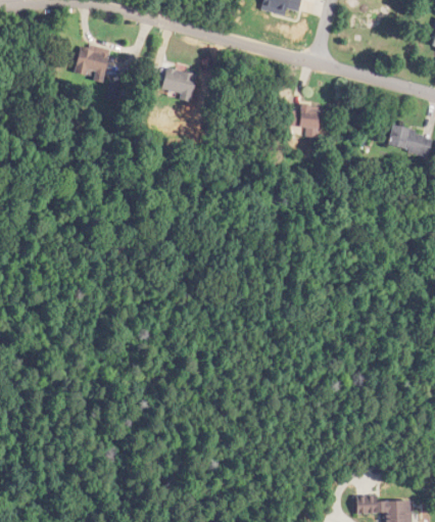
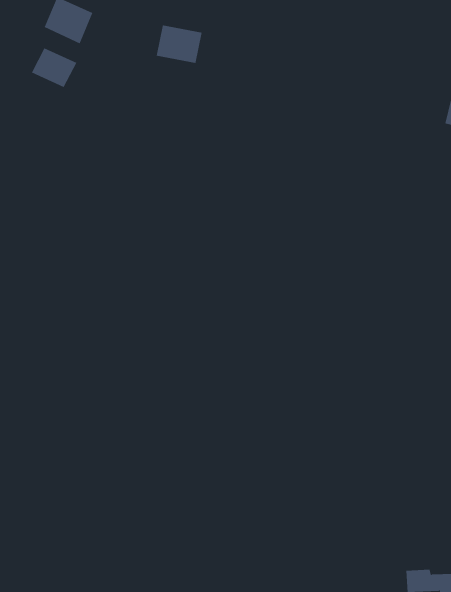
building: none -> [31,47,77,88]
building: [292,105,321,137] -> none

